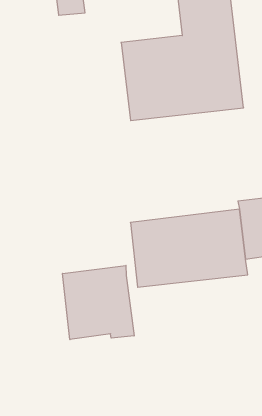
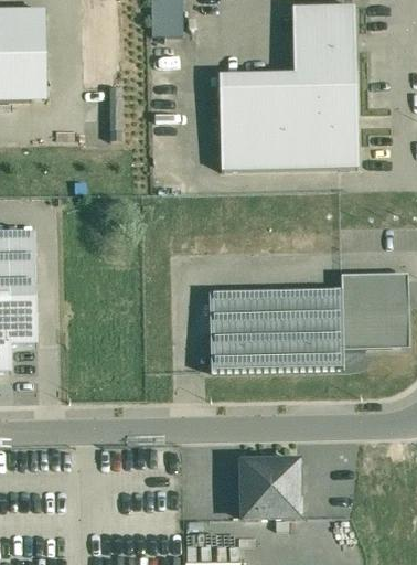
building: [63,265,134,340] -> none
building: none -> [243,459,299,515]

